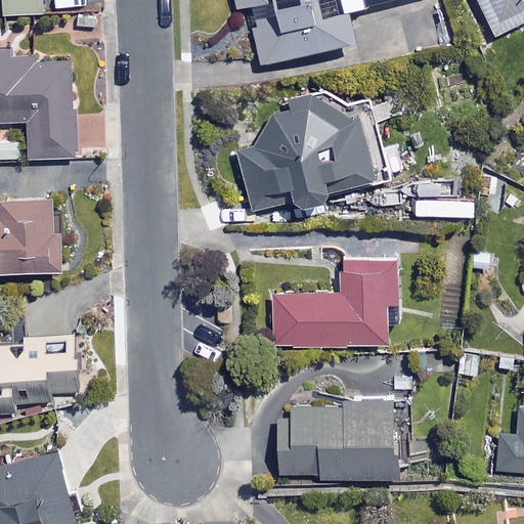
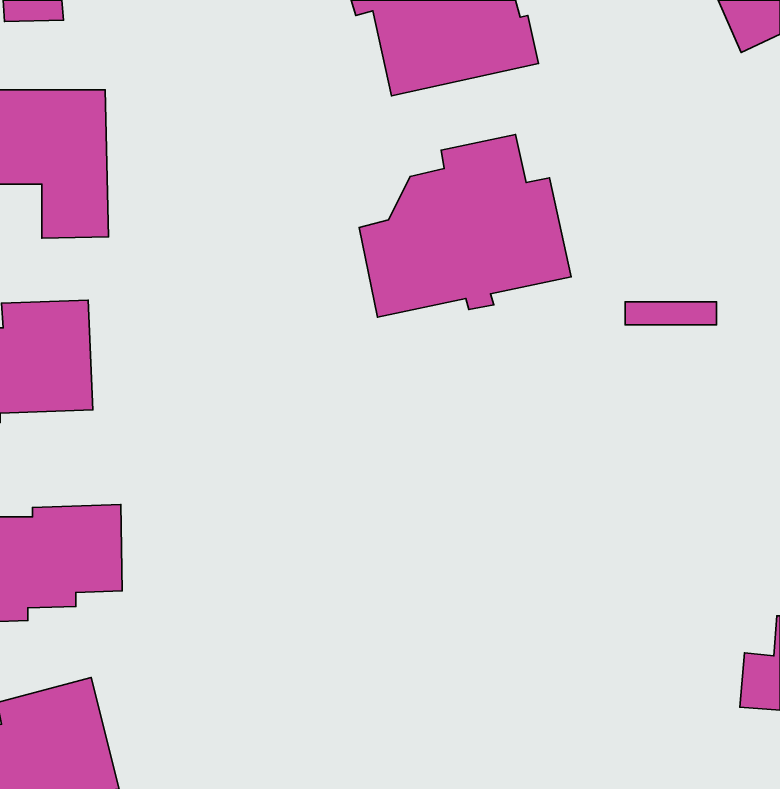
building: [270,258,401,347] -> none
building: [279,400,428,479] -> none

